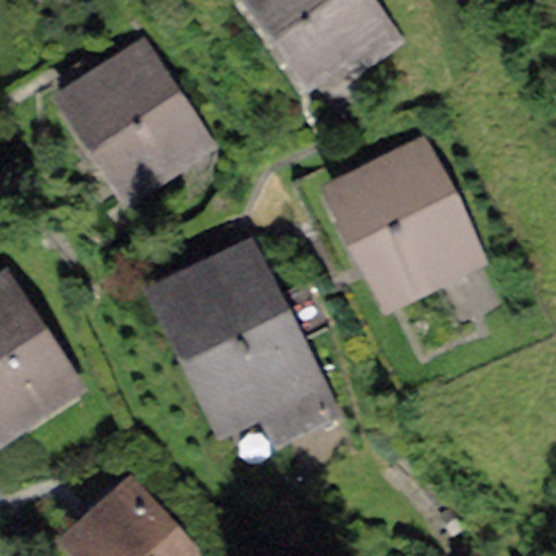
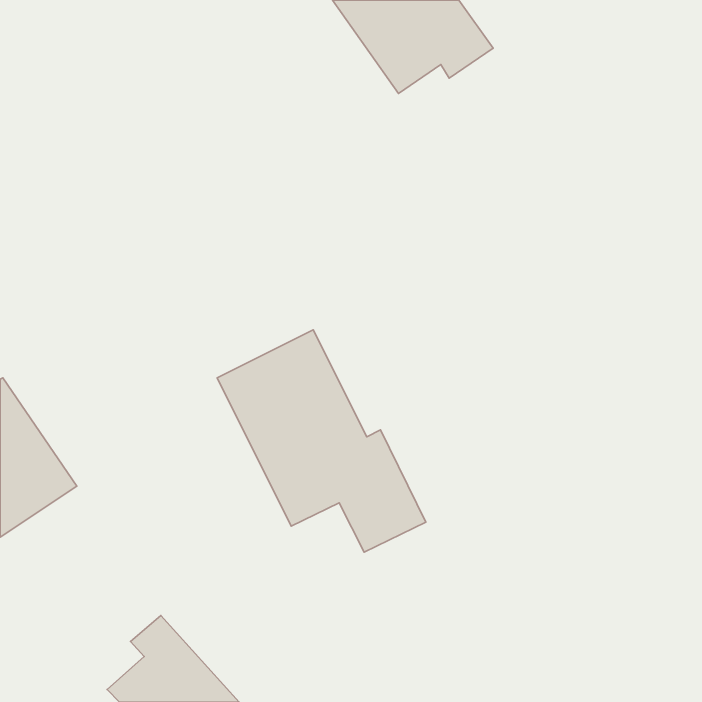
building: [77,48,202,186] -> none
building: [351,157,467,283] -> none

